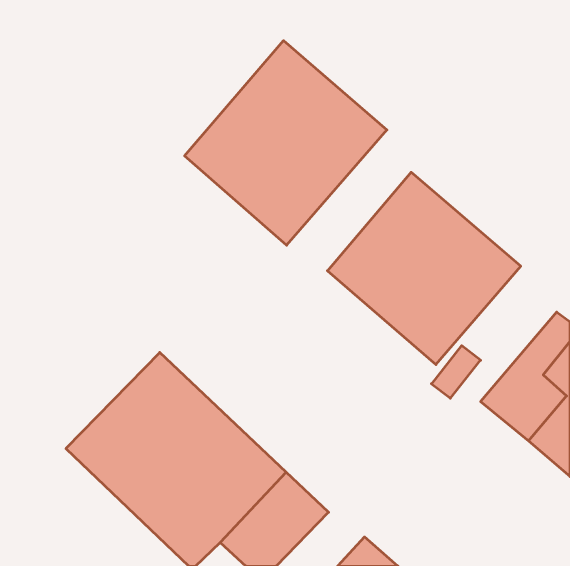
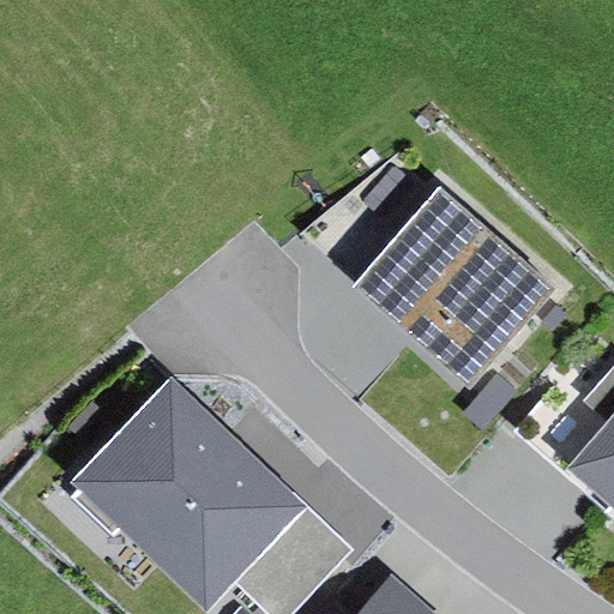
building: [185,41,387,245] -> none

